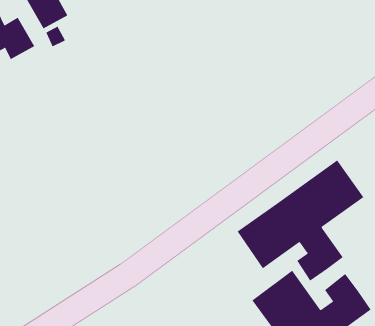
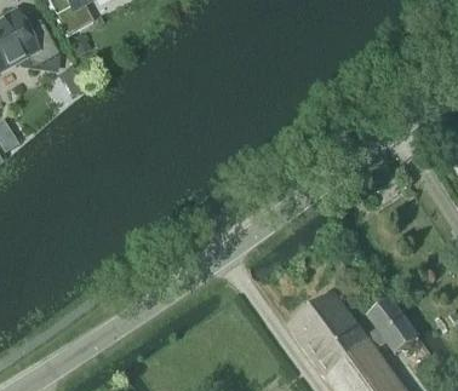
building: [237,159,364,281] -> none

